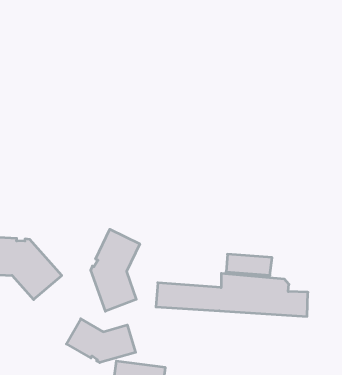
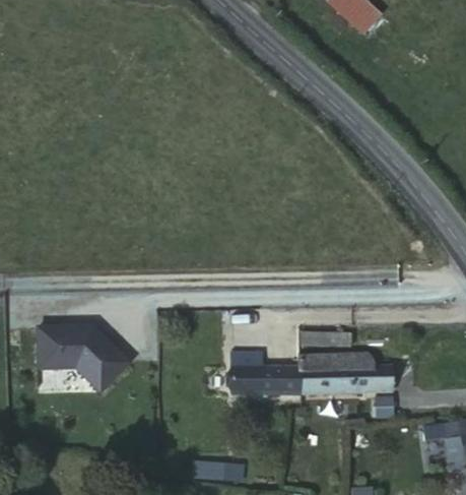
building: [91,229,140,311] -> none
building: [66,319,136,363] -> none

